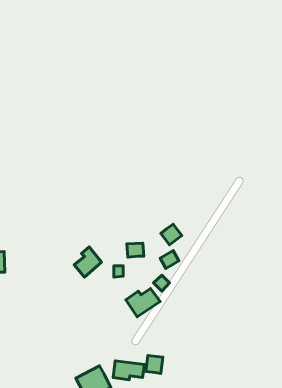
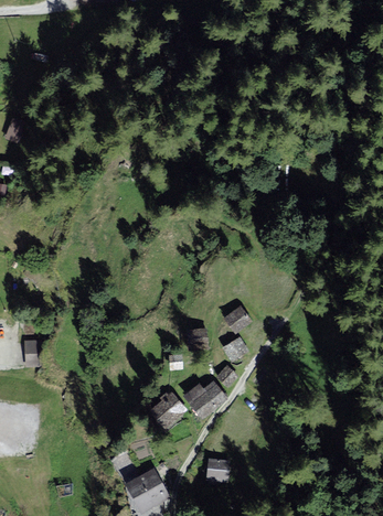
building: [74,247,101,277] -> [151,390,183,426]
building: [113,361,145,380] -> none

